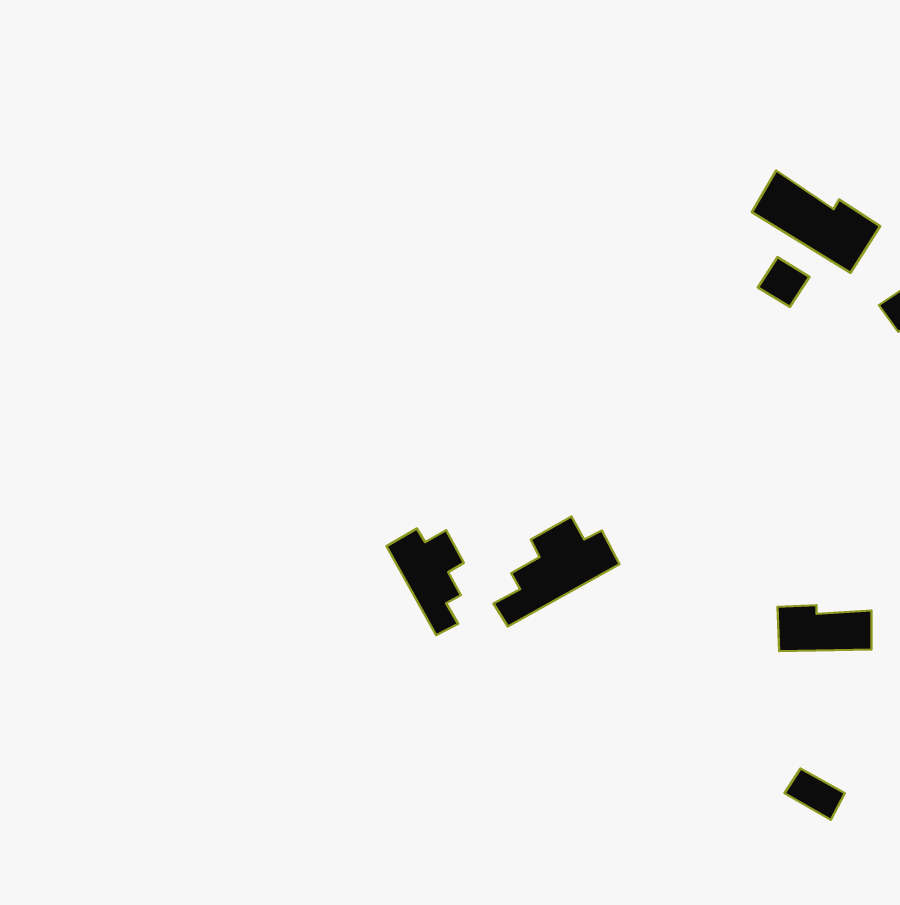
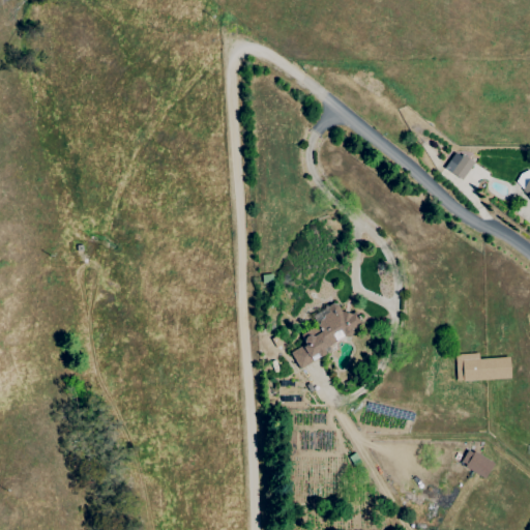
building: [752,170,880,273] -> none
building: [387,529,464,635] -> none

